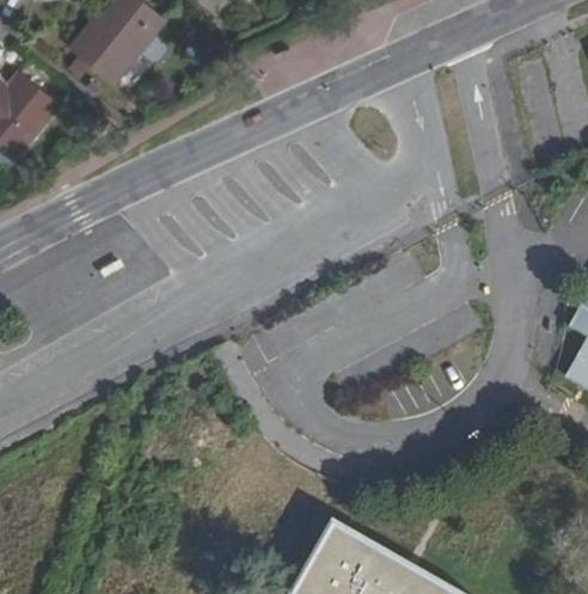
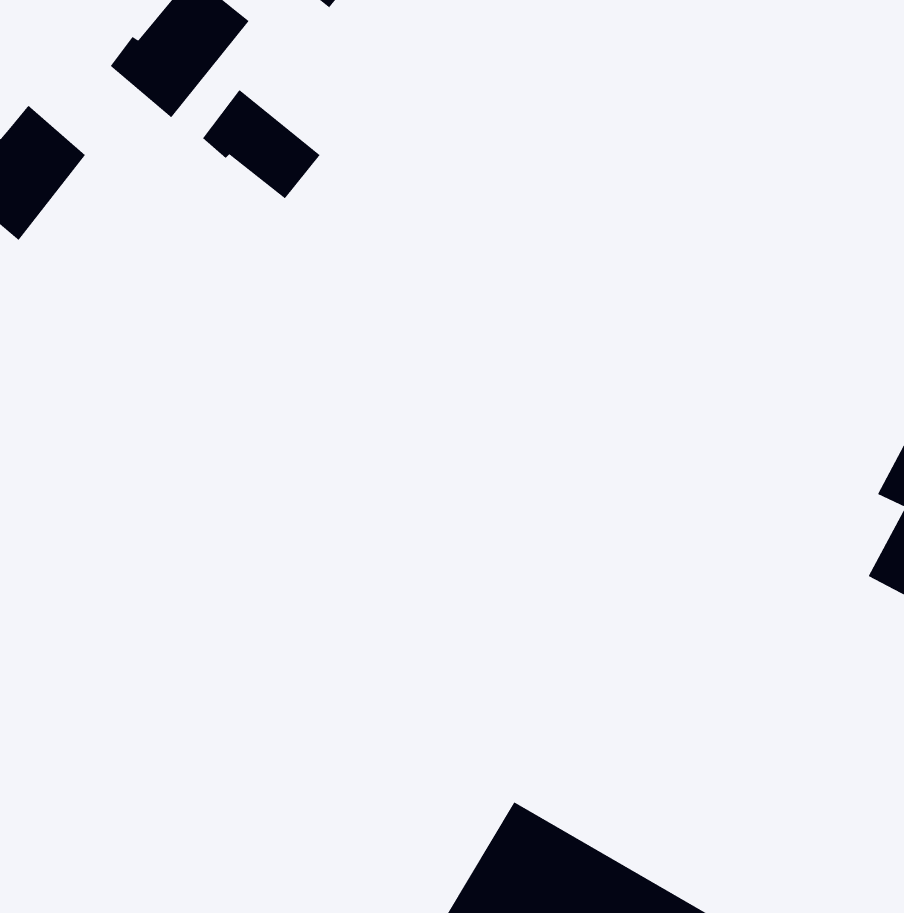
building: none -> [202,89,321,199]

